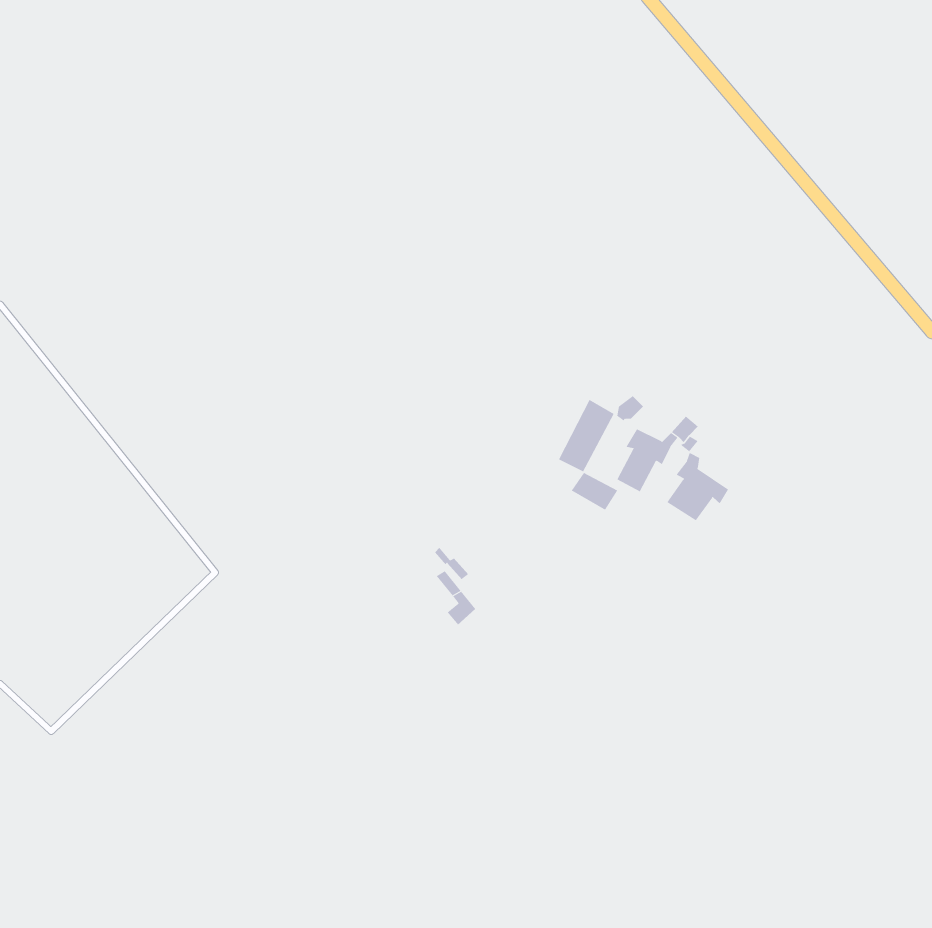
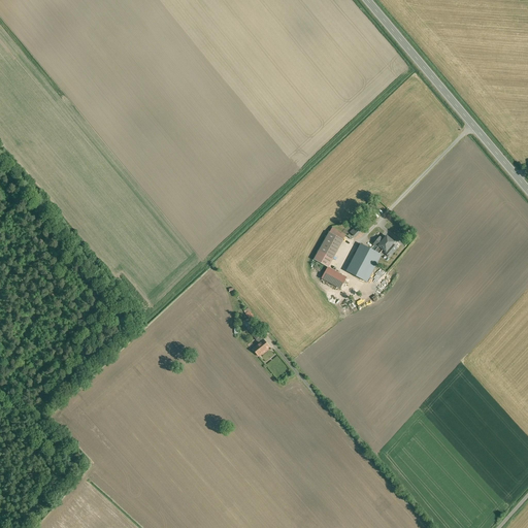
building: [666,452,729,521] -> none

